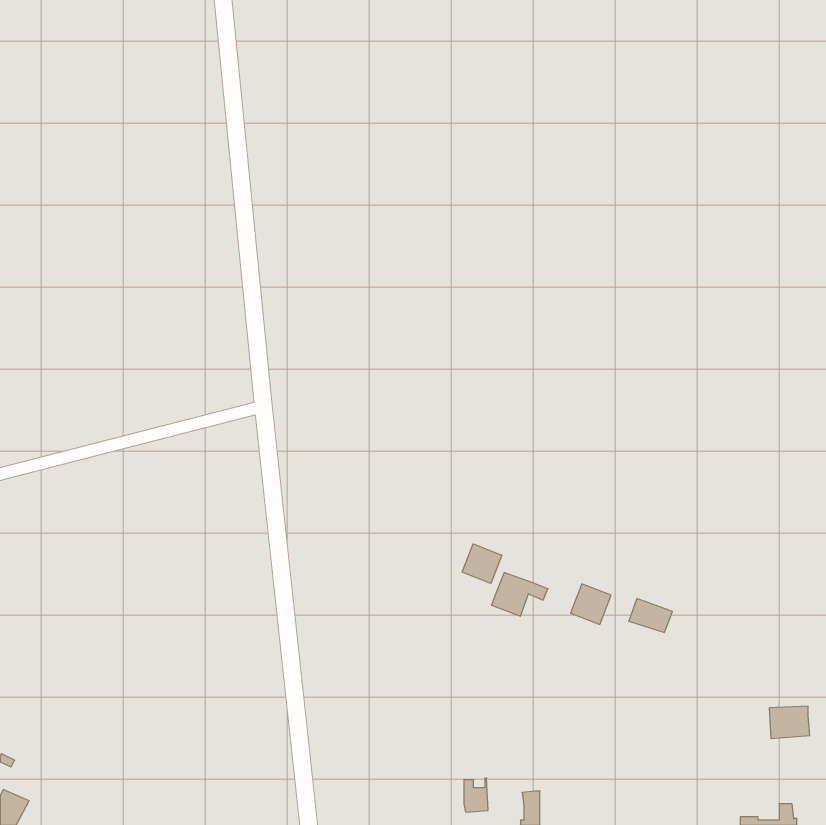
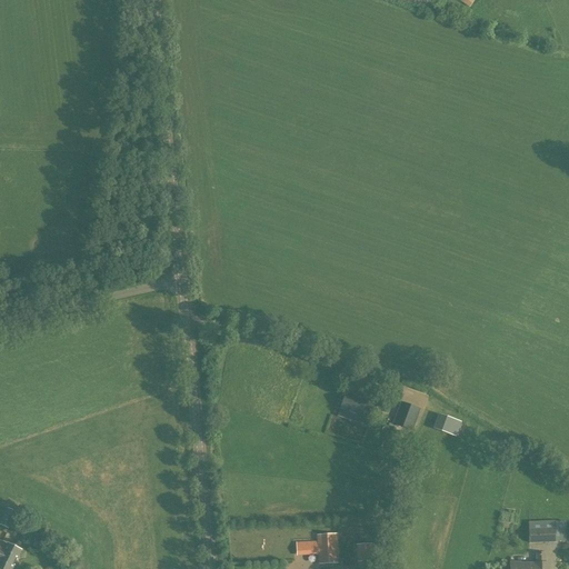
building: [462,544,502,583] -> none
building: [769,706,810,739] -> [528,521,556,543]

